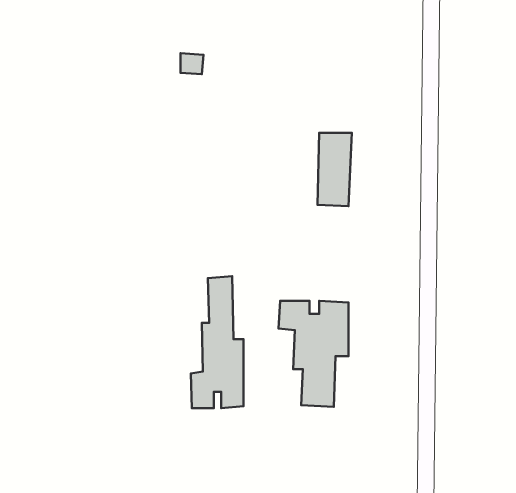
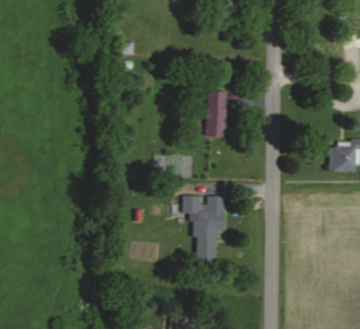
building: [191,276,243,408] -> none

